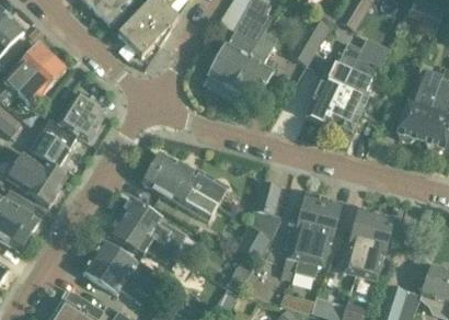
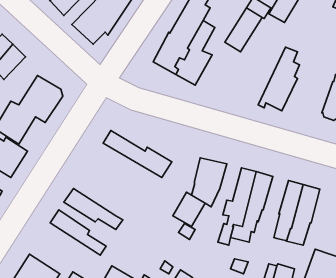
building: [306,38,389,124] -> none
building: [142,167,217,216] -> none
building: [118,198,173,248] -> none
building: [82,255,148,302] -> none

